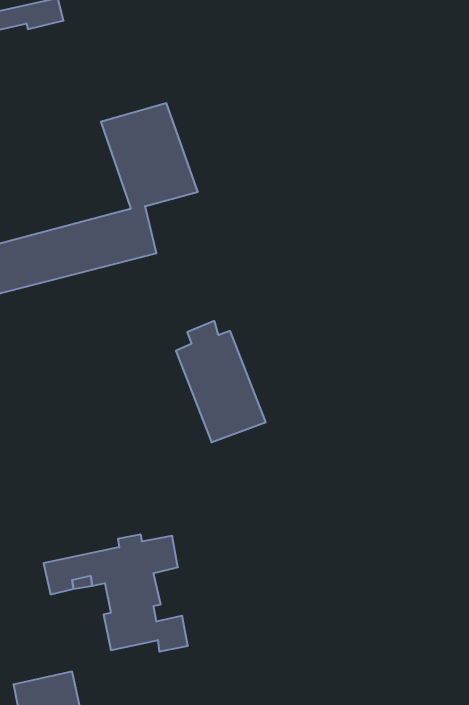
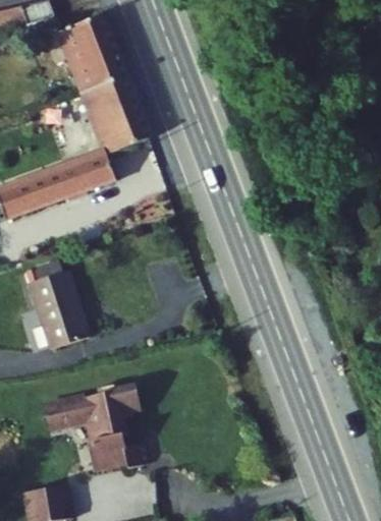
building: none -> [45,18,126,91]
building: [176,321,266,442] -> [29,259,93,346]

